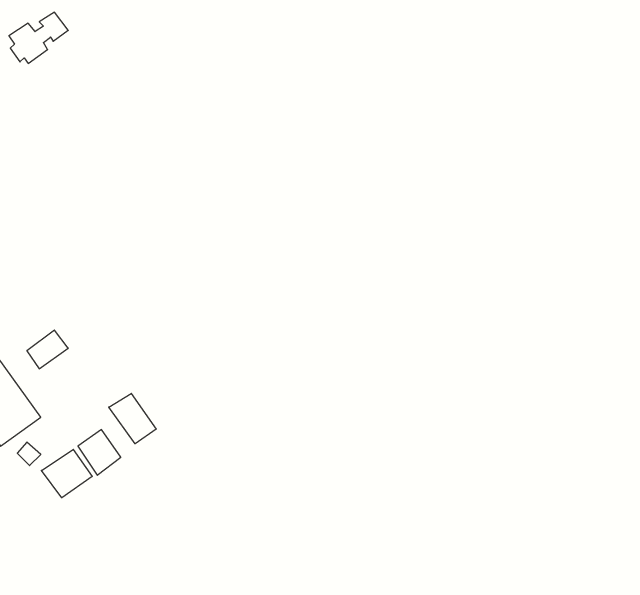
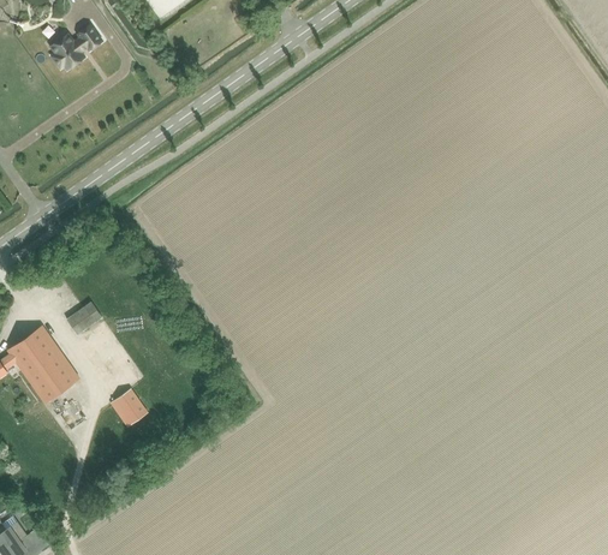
building: [109,393,156,444] -> none
building: [41,449,92,498] -> none

